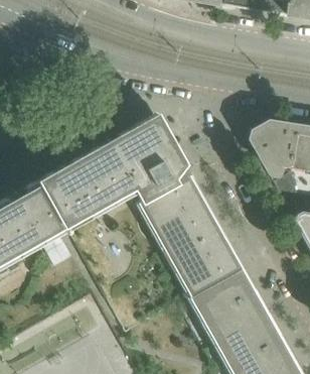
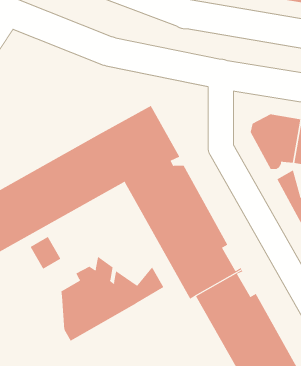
building: none -> [61,256,164,341]

